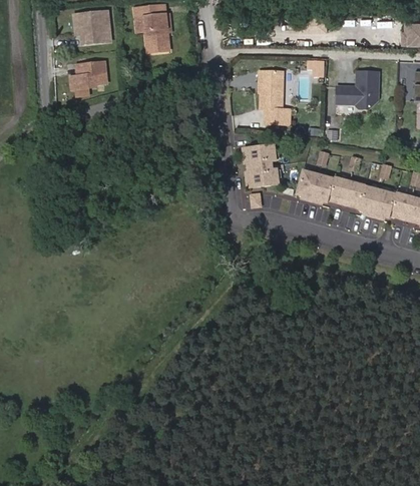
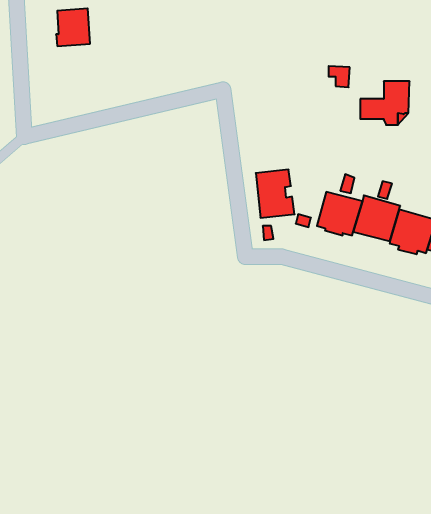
building: [135,8,169,53] -> none
building: [67,60,103,87] -> none
building: [258,76,288,126] -> none

